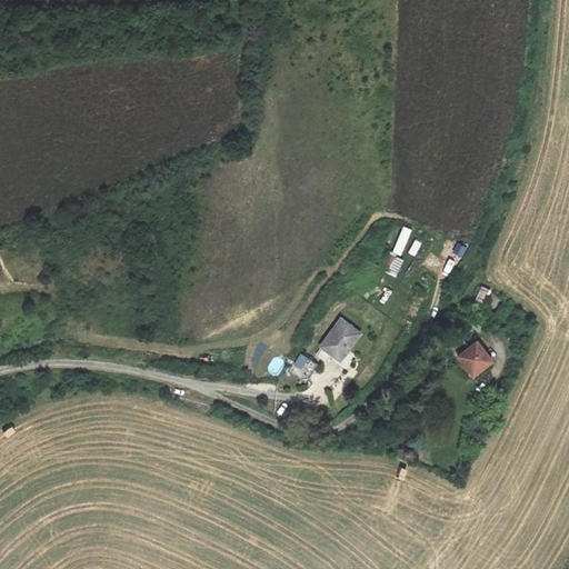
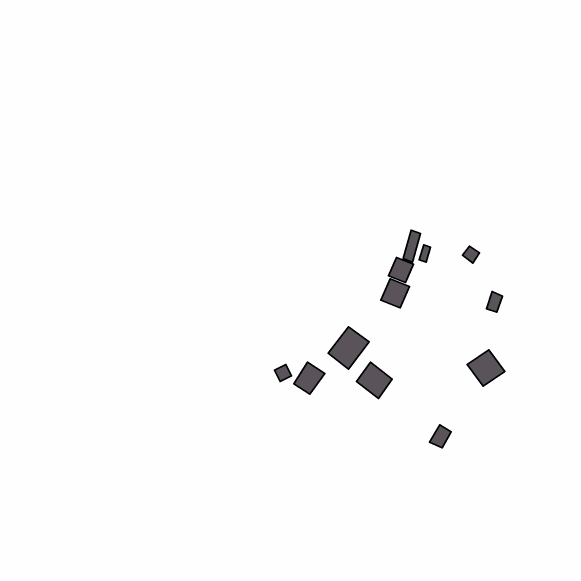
building: none -> [381,279,409,308]
building: none -> [357,362,392,398]

